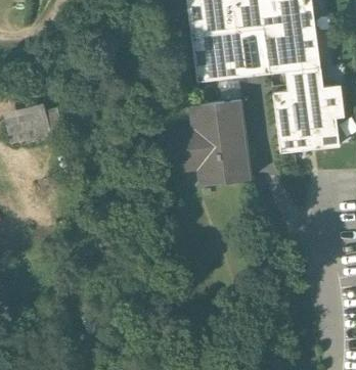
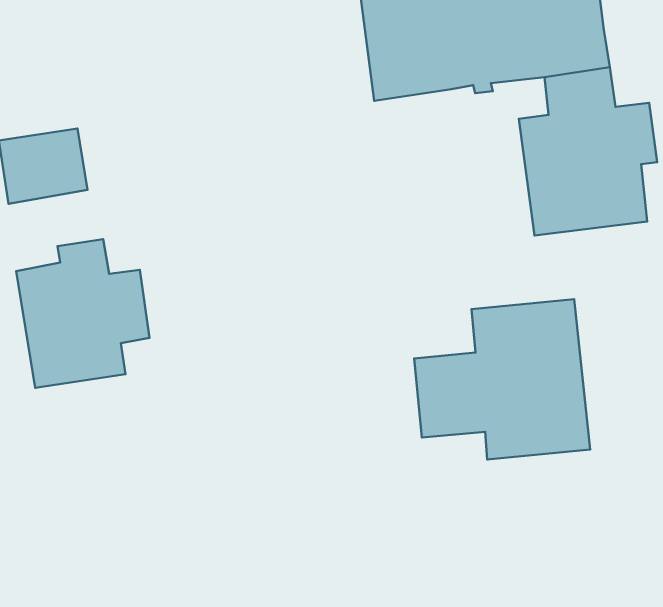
building: [161,102,252,185] -> [414,299,590,459]
building: none -> [16,239,150,388]

